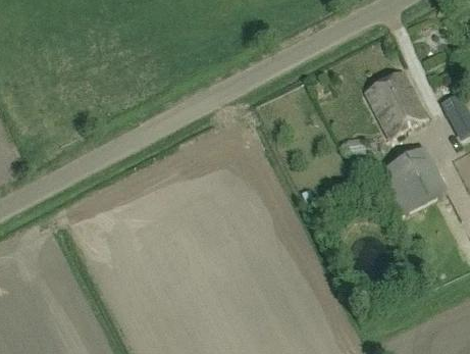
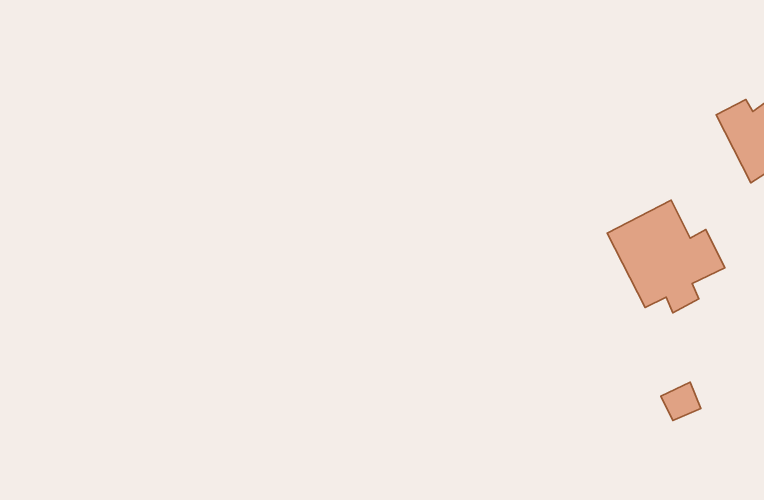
building: [365,70,426,136] -> none

